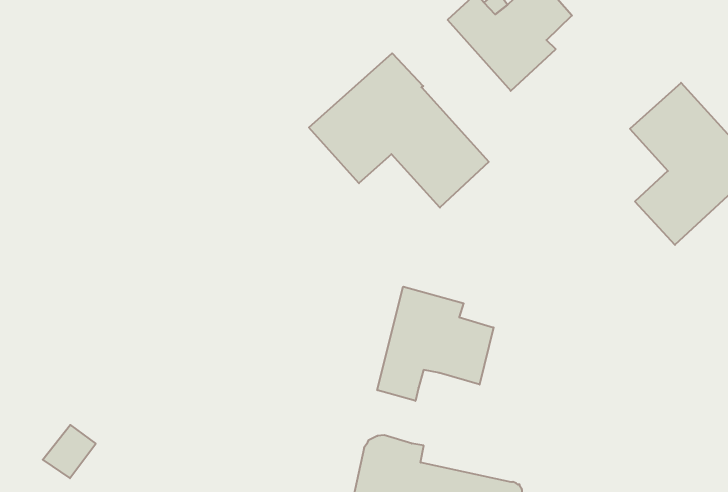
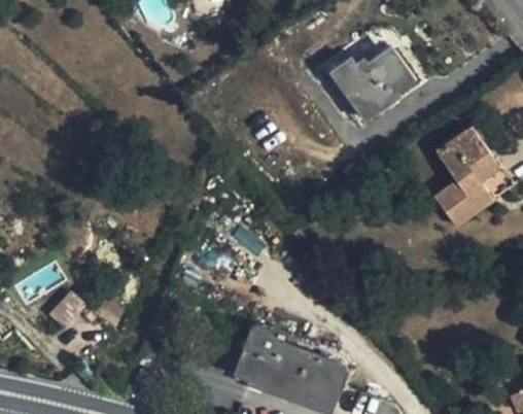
building: [309,53,489,208] -> none
building: [377,287,494,401] -> none

